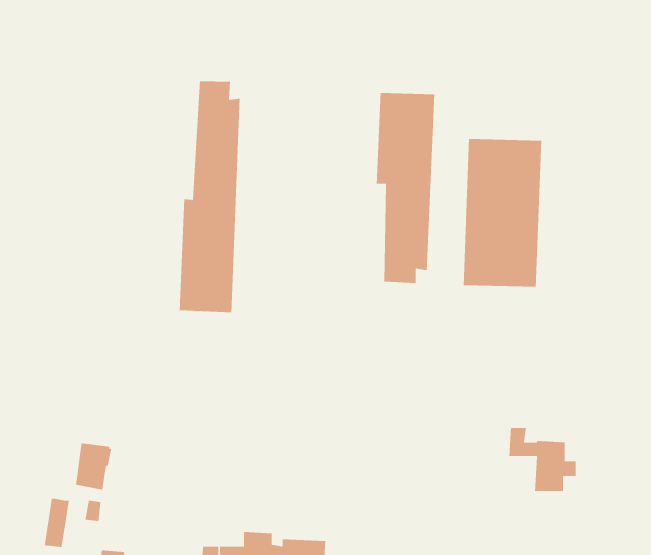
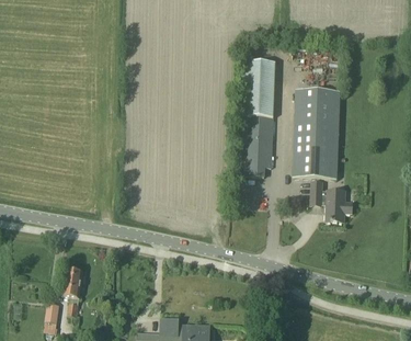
building: [179,80,240,313] -> none
building: [508,427,577,492] -> [311,180,352,218]

